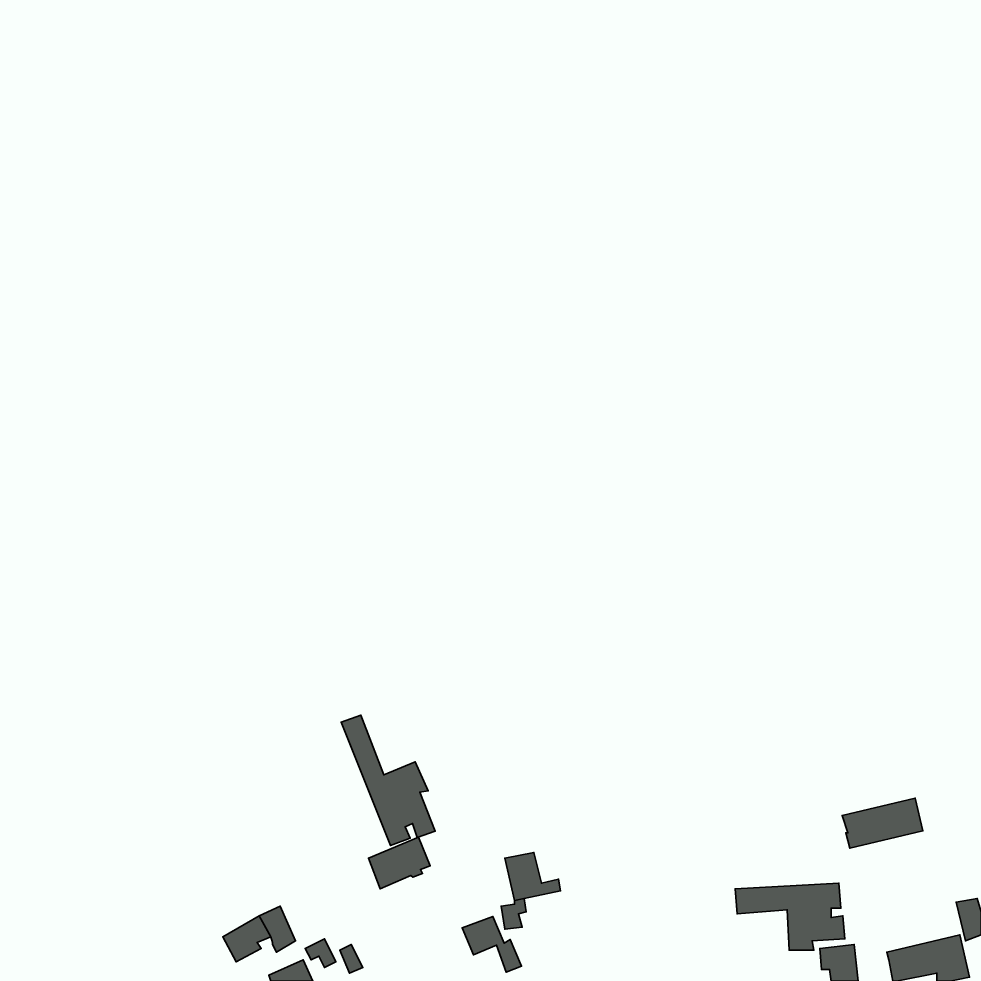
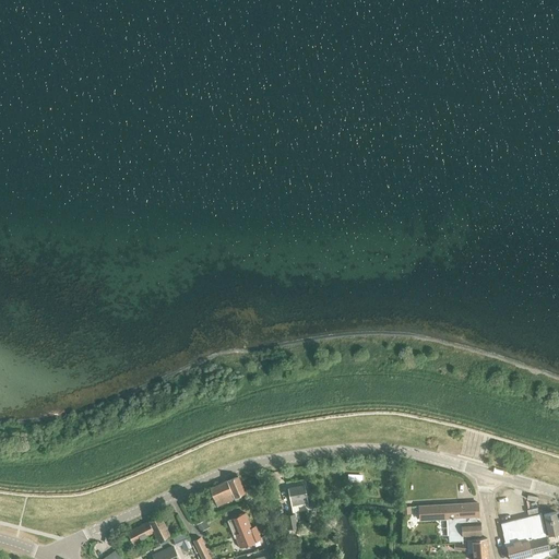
building: [341,715,435,845] -> none
building: [842,798,923,848] -> [500,513,546,542]
building: [462,916,522,972] -> [227,513,261,545]

